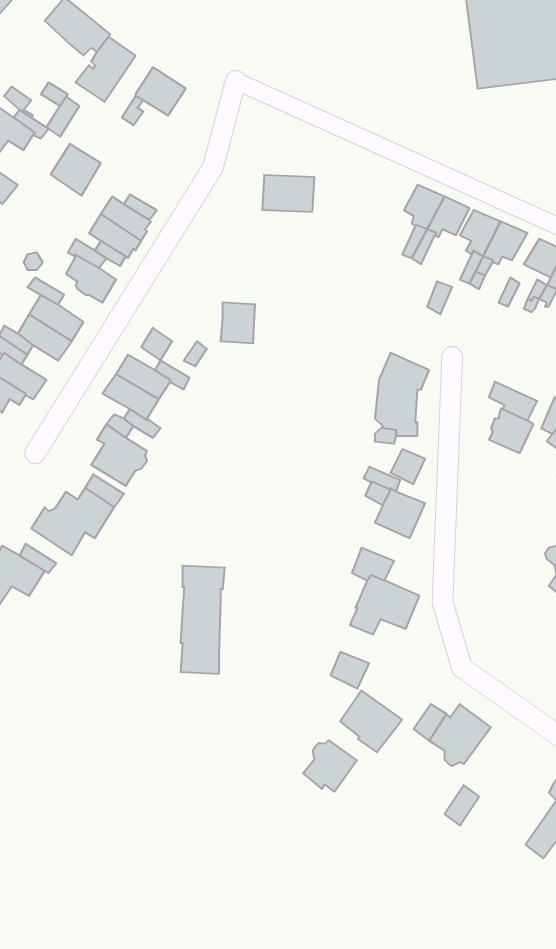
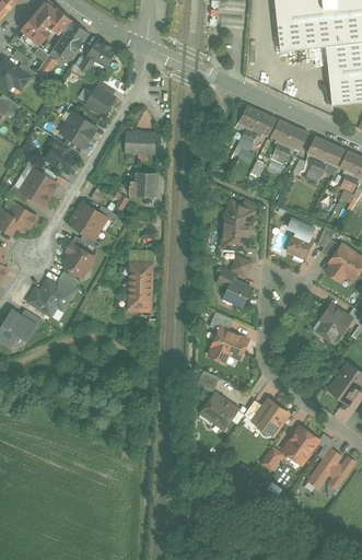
building: none -> [20,12,50,48]
building: [51,144,101,196] -> [86,86,115,116]
building: [262,175,314,212] -> [126,132,155,153]
building: [180,566,225,674] -> [129,250,154,312]
building: [303,740,357,792] -> none
building: none -> [283,425,319,460]

